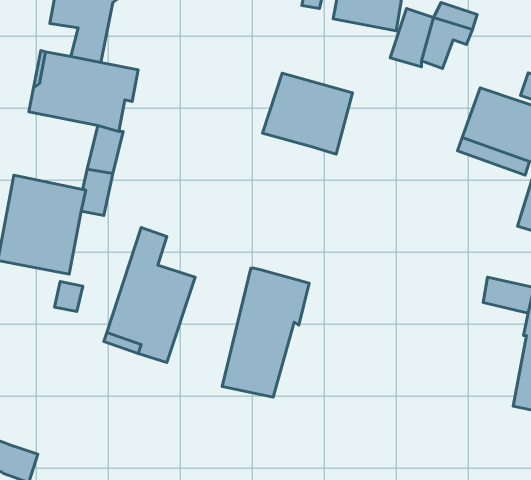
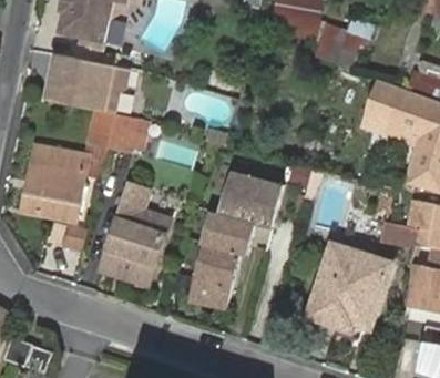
building: [263,73,353,154] -> [215,172,282,232]
building: none -> [106,114,145,150]
building: none -> [310,242,391,326]

